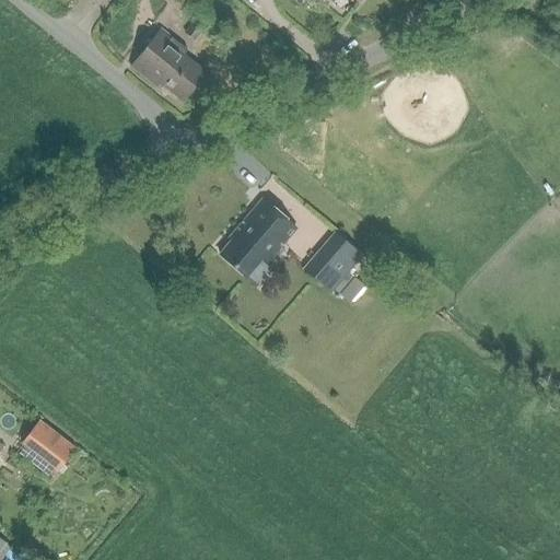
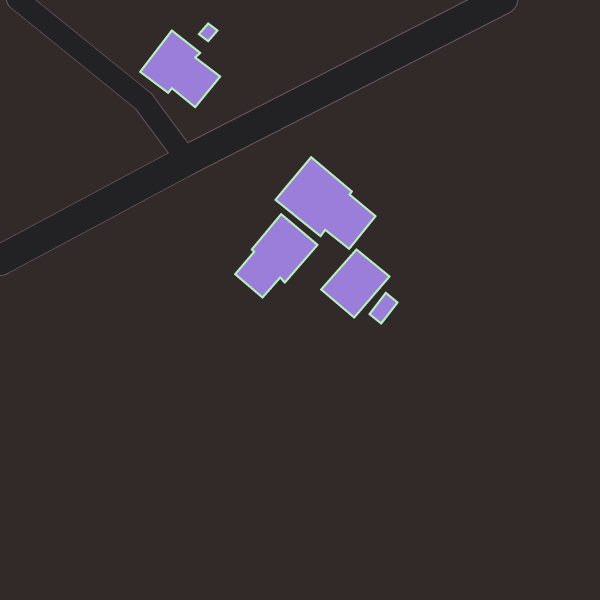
building: none -> [275,157,376,249]
building: [22,421,74,470] -> none

